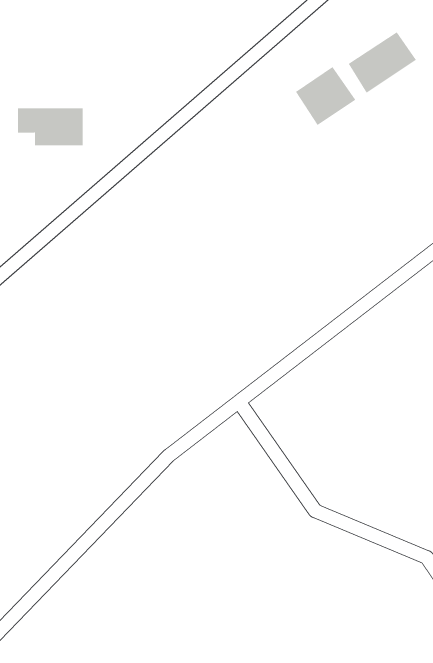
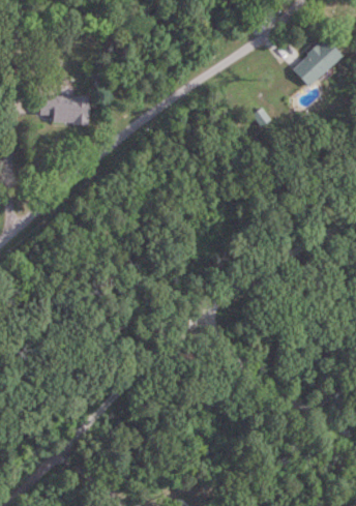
building: [295,66,356,126] -> none

